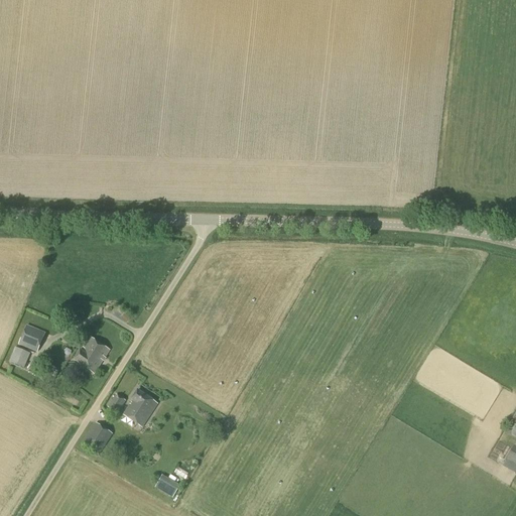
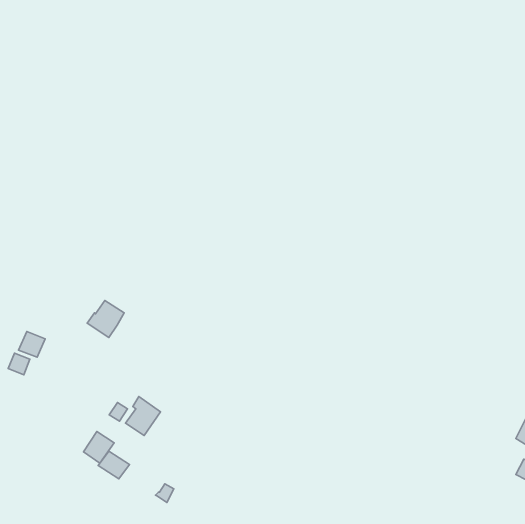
building: [74,337,110,373] -> [87,300,124,338]
building: none -> [98,451,129,479]

